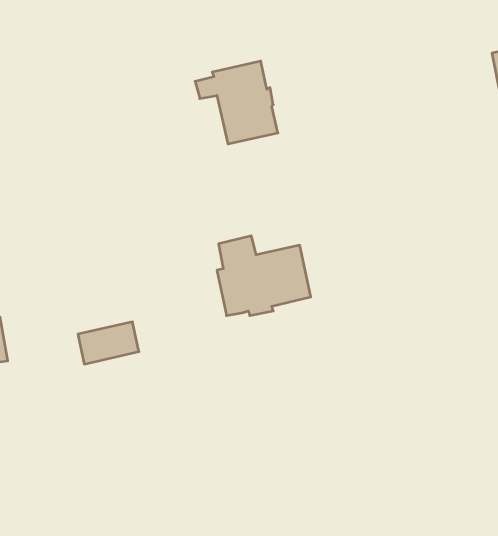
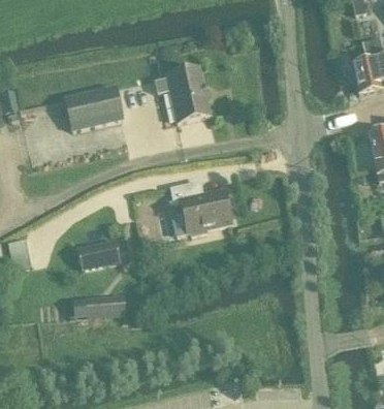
building: none -> [66,86,123,130]
building: none -> [87,295,125,316]

